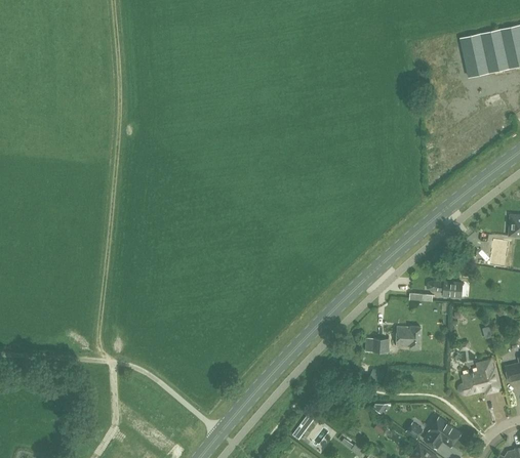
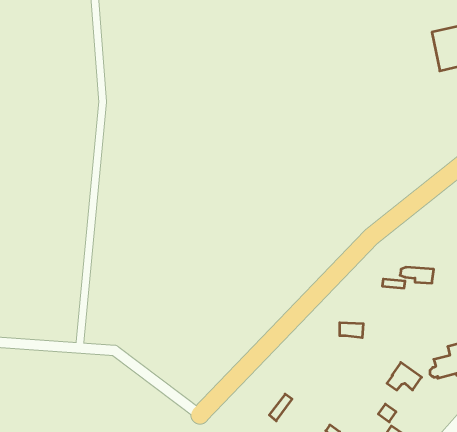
building: [396,325,419,347] -> none
building: [424,417,459,446] -> [387,362,422,390]

